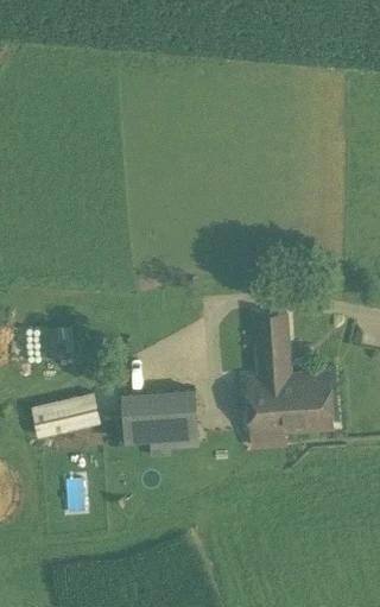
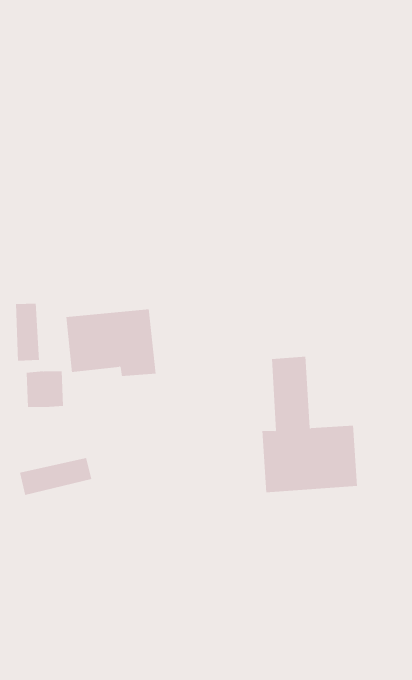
building: none -> [15,303,40,362]
building: [121,388,201,448] -> [66,309,156,377]

